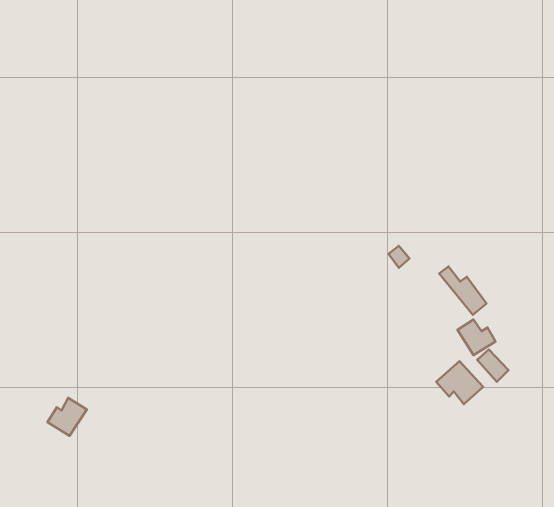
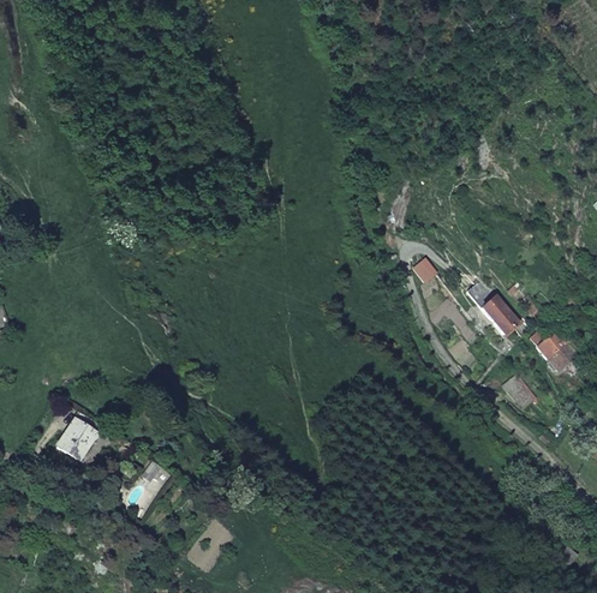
building: [457,320,495,355] -> [539,334,579,371]
building: [436,361,483,404] -> none

